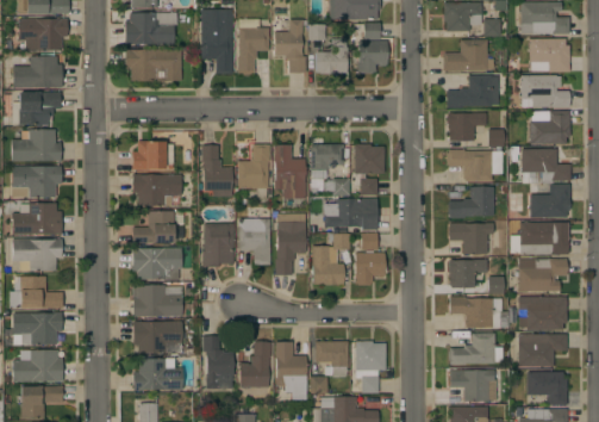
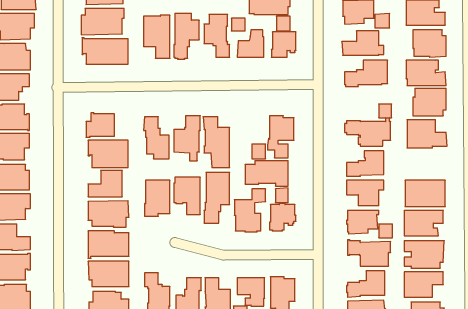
building: [448,113,487,141] -> none
building: [312,144,344,179] -> none
building: [526,185,570,218] -> none

